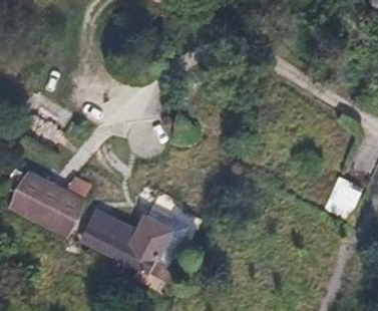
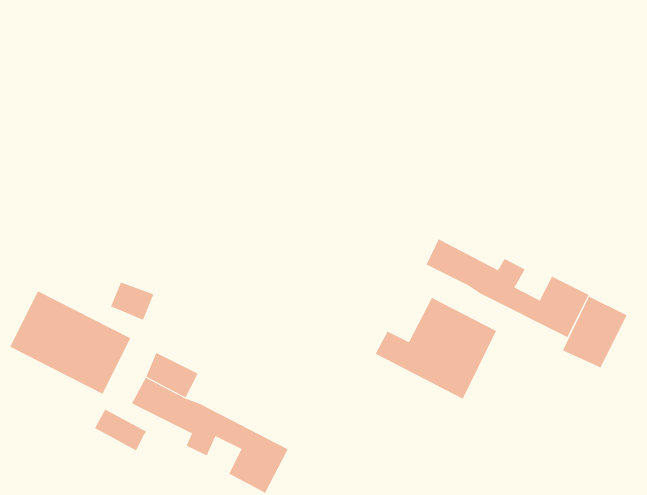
building: none -> [426,239,589,338]
building: [121,206,191,264] -> [375,297,497,400]

